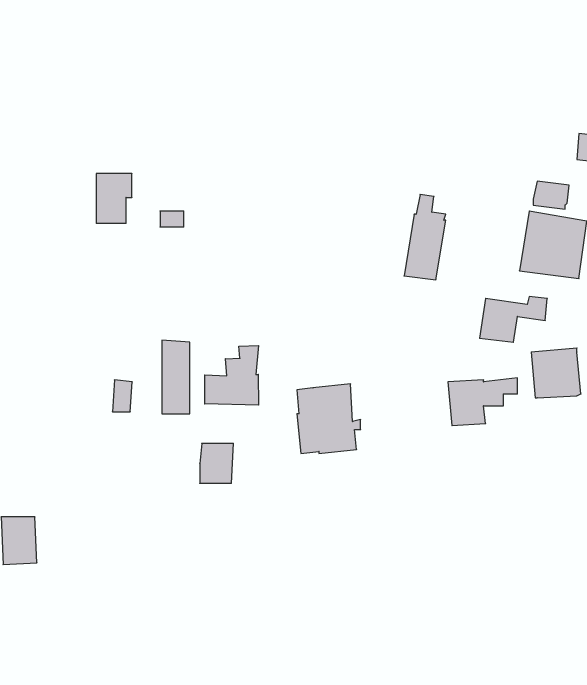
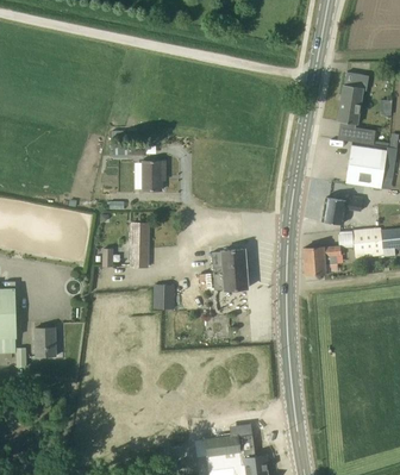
building: [96,174,132,223] -> [144,161,165,190]
building: [404,194,446,280] -> [338,73,363,124]
building: [205,346,258,405] -> none

